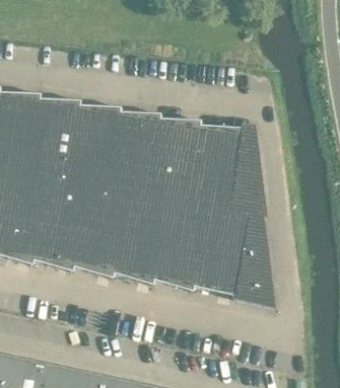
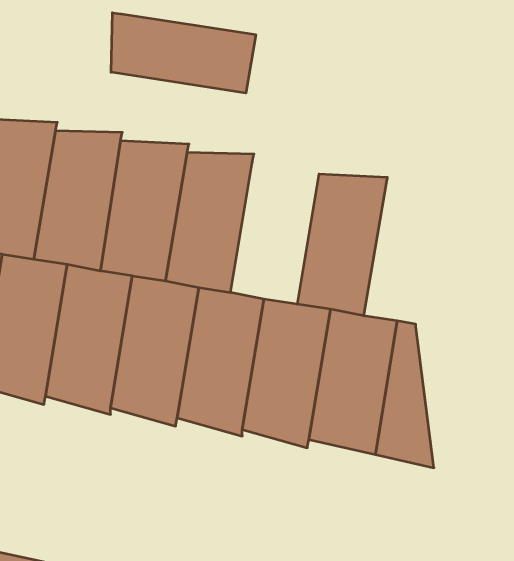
building: none -> [111,13,256,93]
building: [144,118,199,204] -> none
building: [225,128,261,217] -> none

